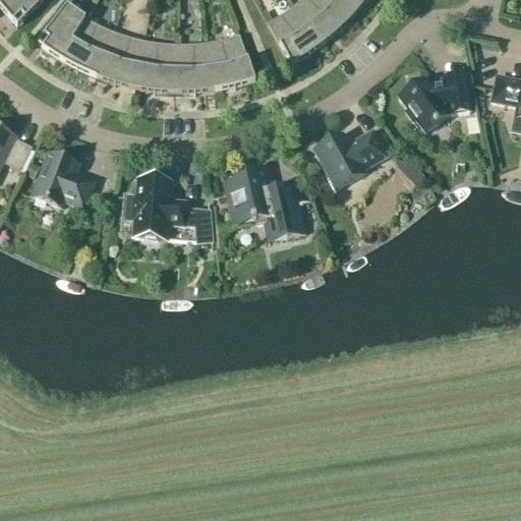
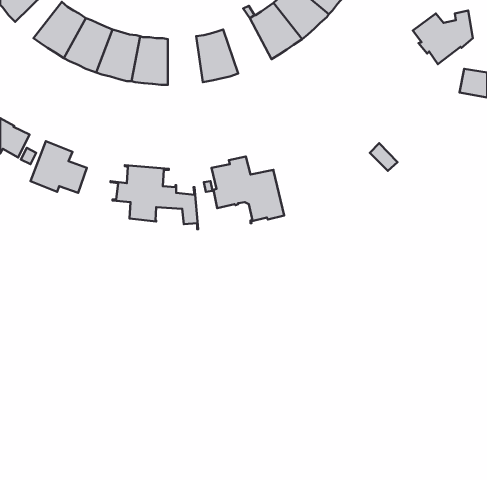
building: [179,39,217,91] -> none
building: [398,72,462,129] -> [413,11,473,64]
building: [313,128,386,186] -> none

